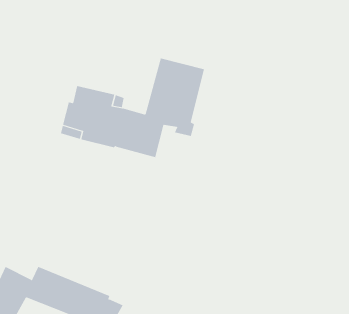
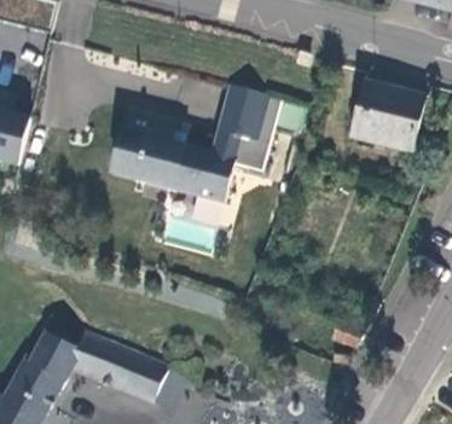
building: none -> [350,80,423,151]

